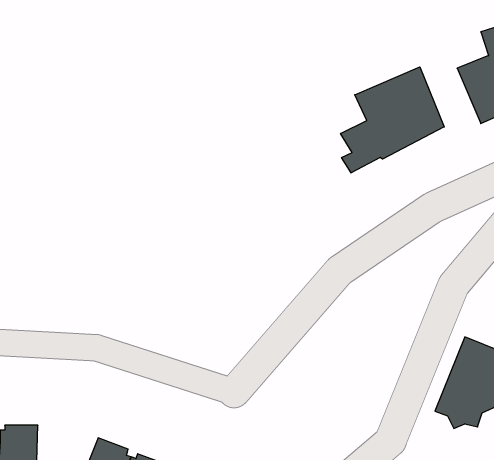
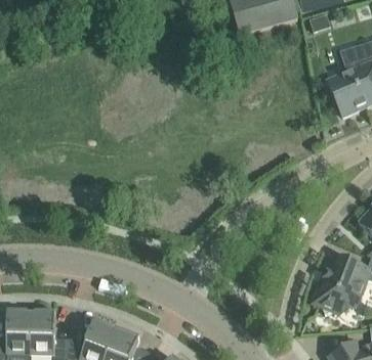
building: [341,67,444,173] -> none

